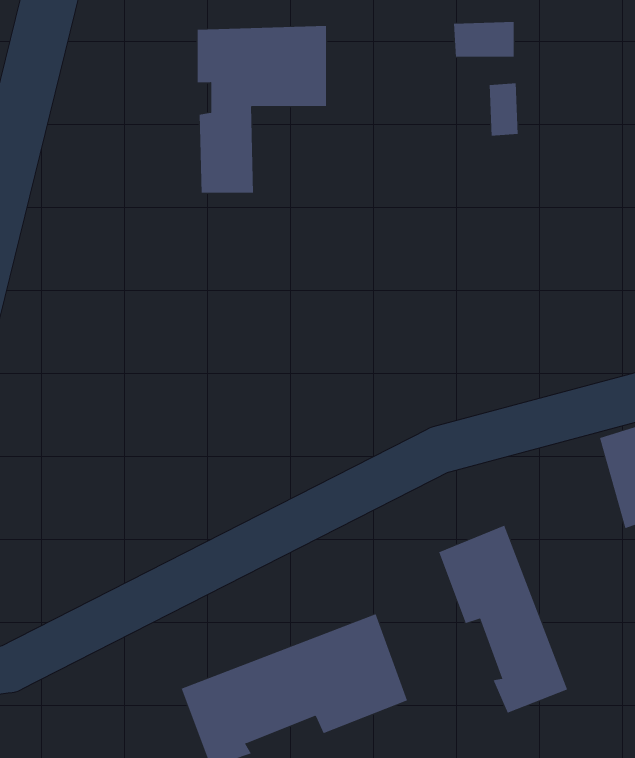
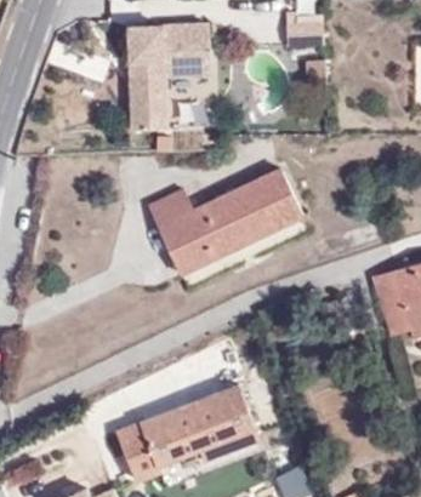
building: none -> [149,170,303,273]
building: [439,525,568,714] -> none

